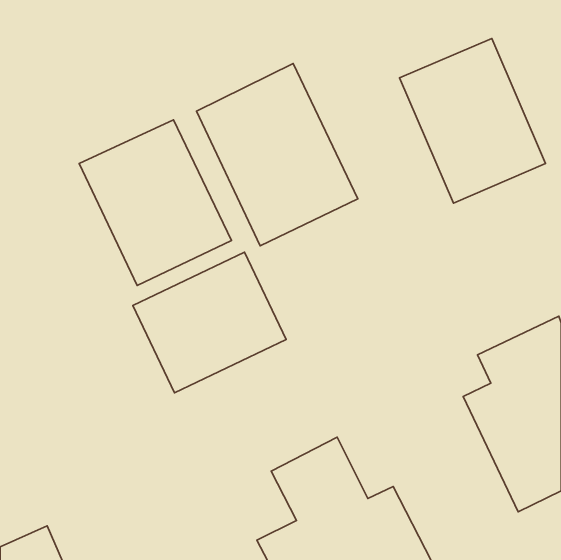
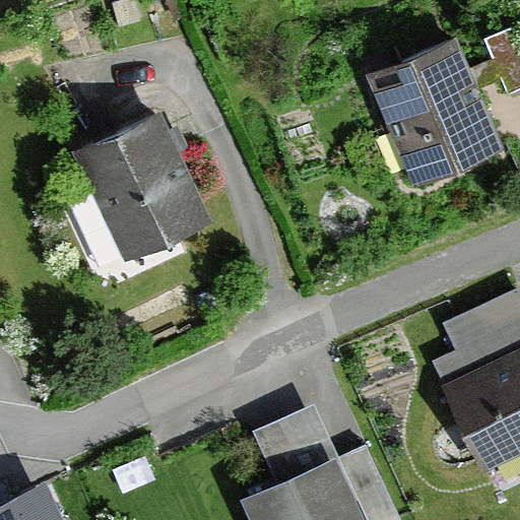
building: [196,64,358,246] -> none
building: [133,252,286,393] -> none

